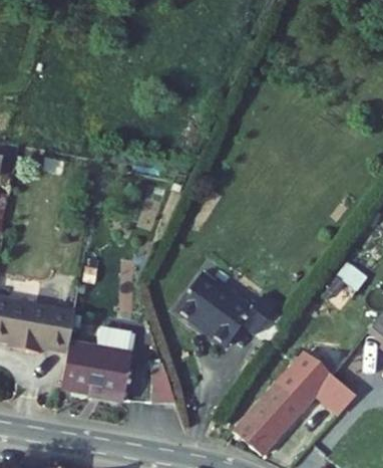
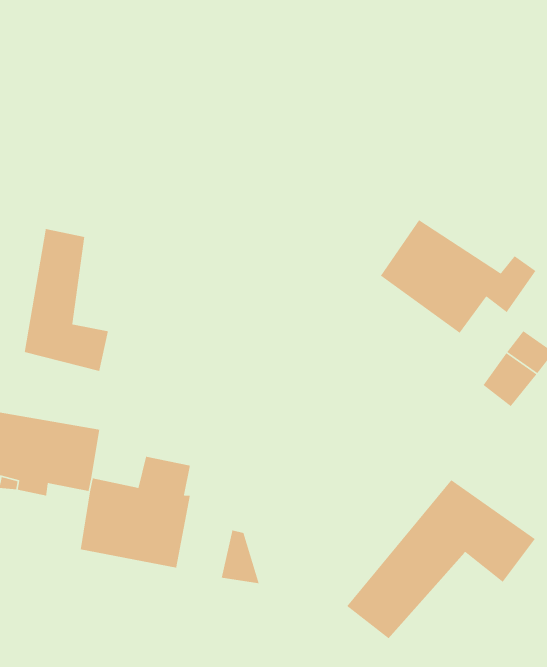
building: none -> [24,228,109,372]
building: [178,269,279,342] -> [380,219,537,334]

